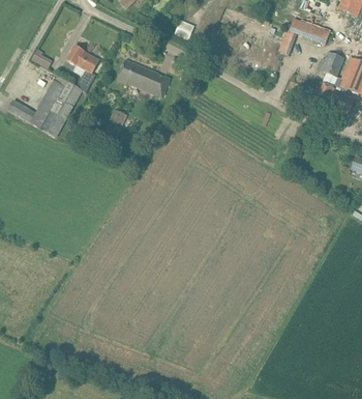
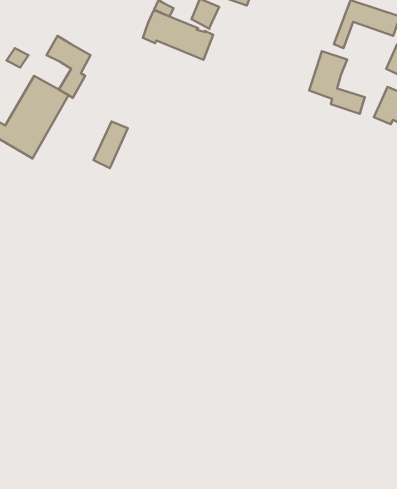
building: none -> [309,51,365,114]
building: [117,59,170,96] -> [143,10,213,60]

